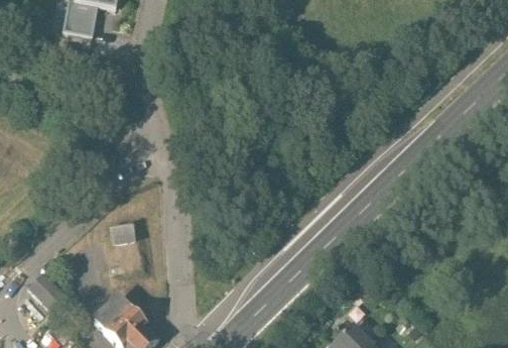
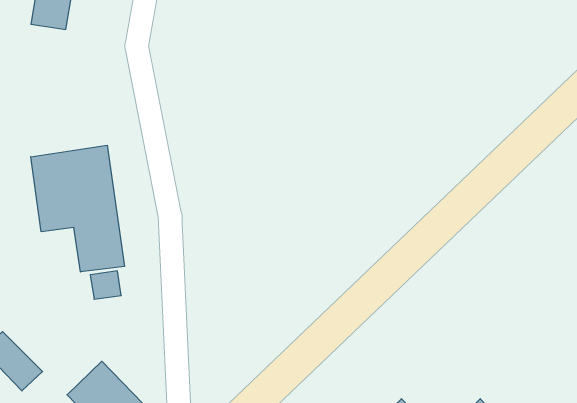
building: none -> [31,145,125,272]

